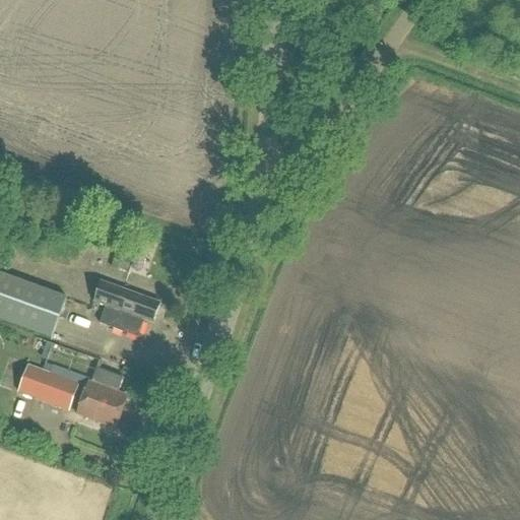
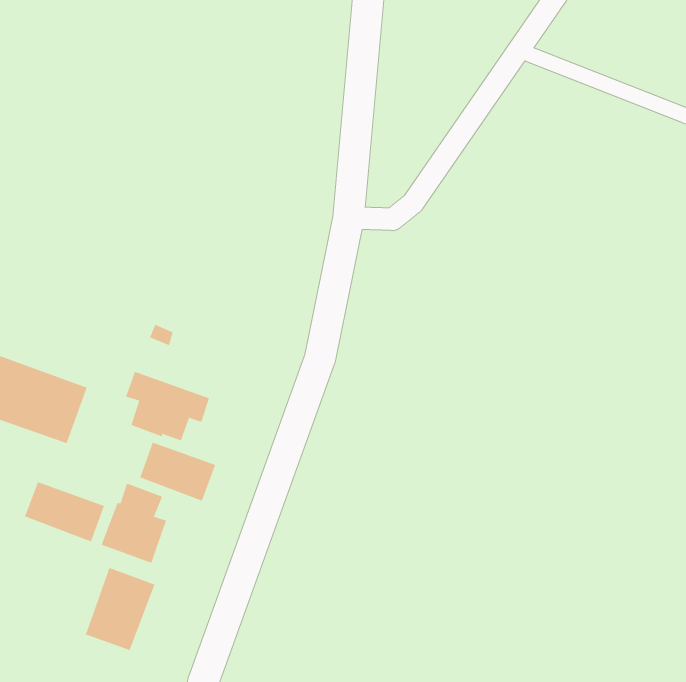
building: none -> [140,442,216,502]
building: none -> [85,567,155,651]

